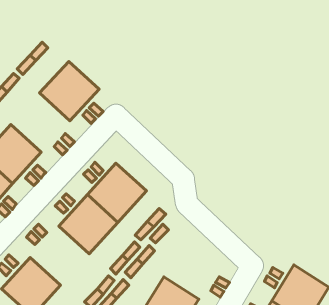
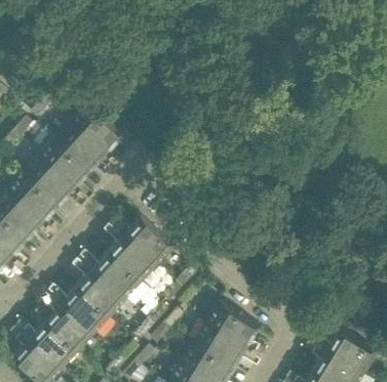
building: none -> [22,139,87,205]
building: none -> [43,287,109,352]
building: none -> [192,302,257,368]

